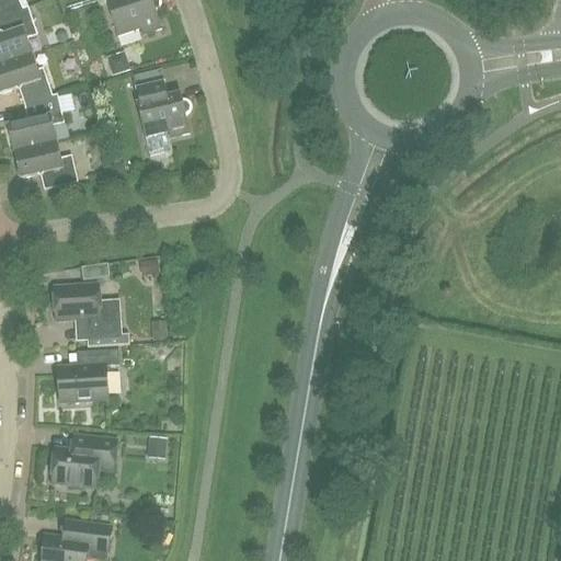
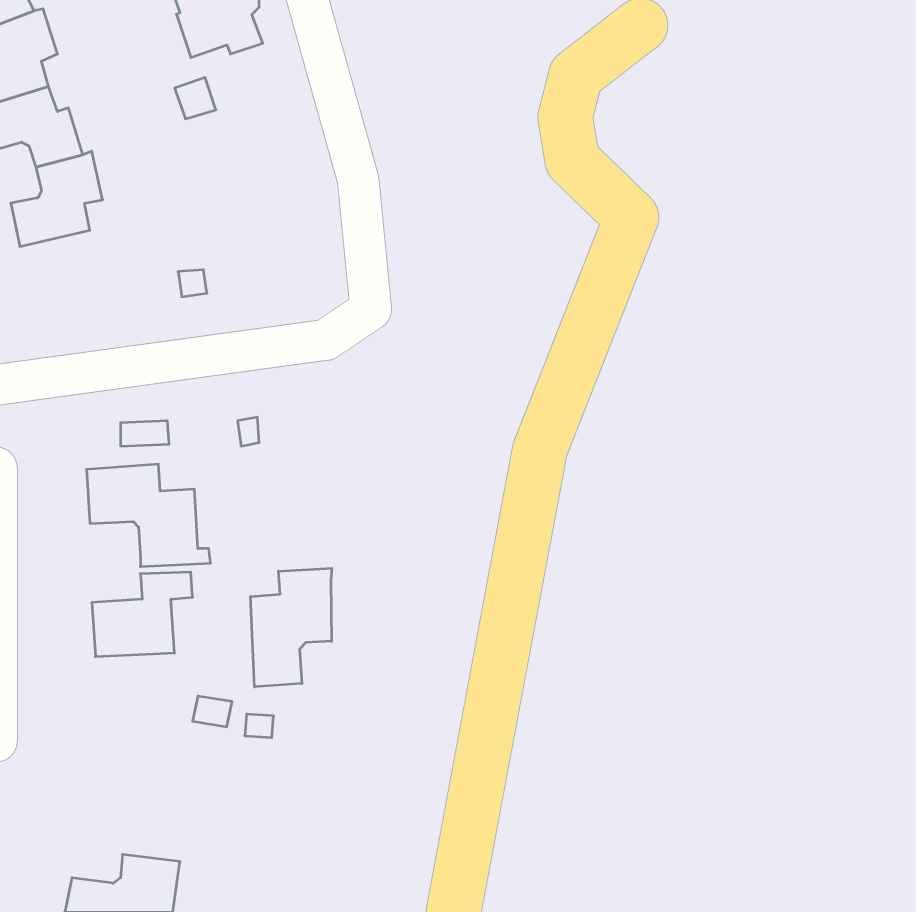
building: [131,68,188,152] -> none
building: [12,140,77,188] -> none
building: none -> [251,568,332,687]
building: [50,434,115,485] -> none

